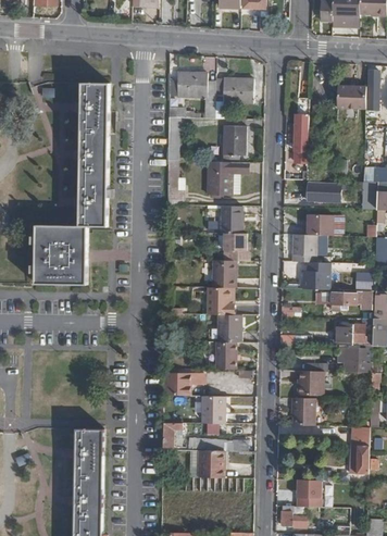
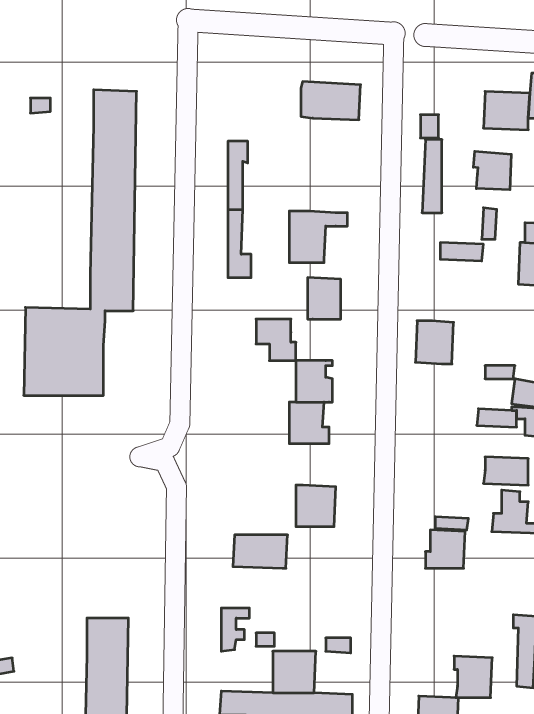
building: [168,72,215,100] -> none
building: none -> [473,151,511,190]
building: [221,125,245,163] -> none
building: [301,214,333,235] -> none
building: [223,233,249,260] -> [256,319,296,361]
building: [302,262,328,289] -> none
building: [216,314,241,342] -> none
building: [202,396,226,423] -> none
building: [290,398,315,425] -> [454,656,492,698]

